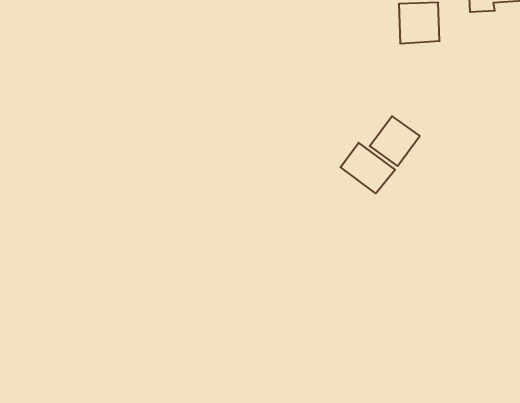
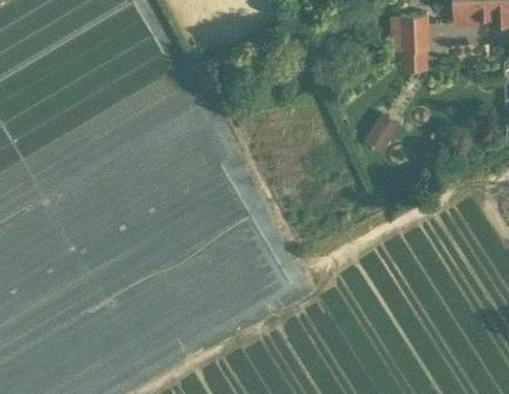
building: [340,143,395,193] -> none

